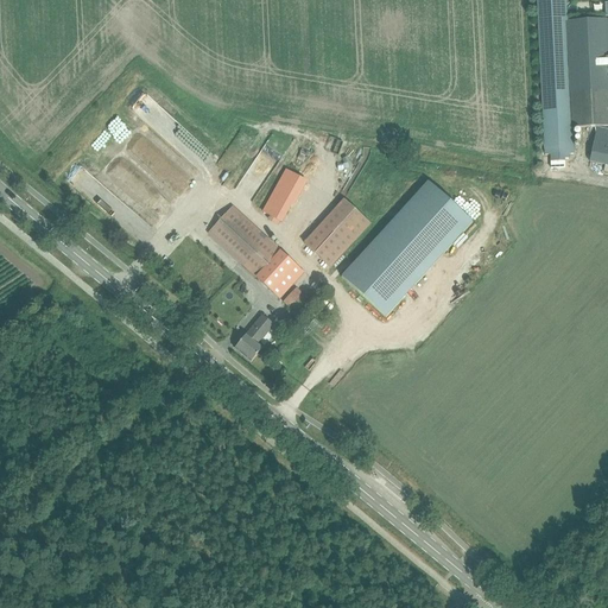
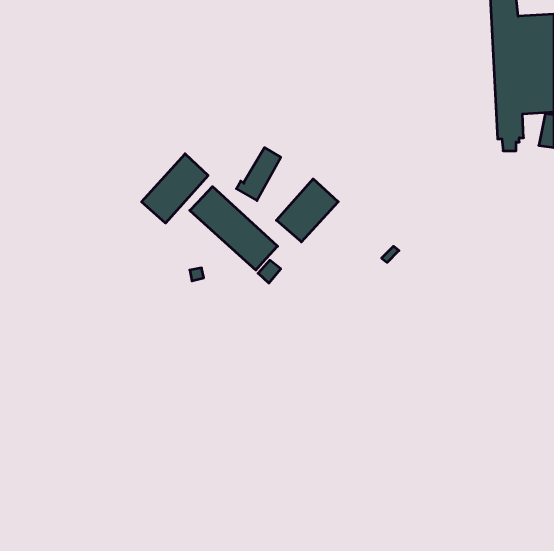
building: none -> [142,154,208,223]
building: [341,178,473,315] -> none
building: [235,312,274,359] -> none

